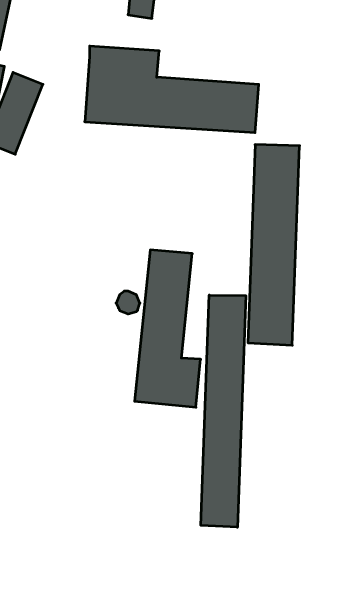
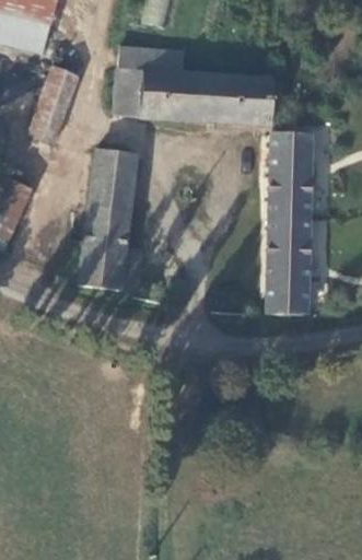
building: [135,250,201,407] -> [82,147,142,290]
building: [201,295,246,527] -> none

